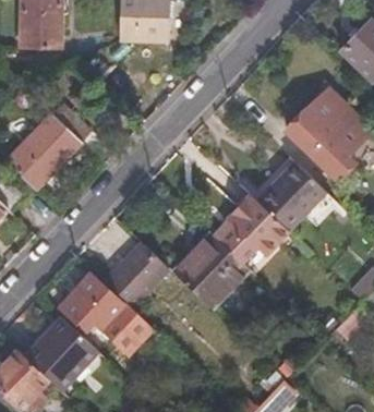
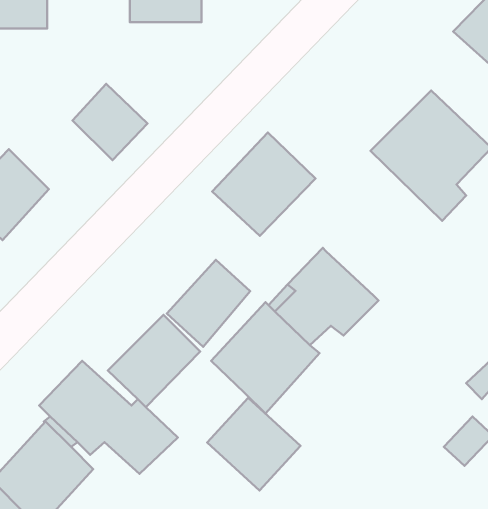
building: [38,104,89,156] -> [73,84,147,160]
building: [255,158,326,229] -> [212,132,316,236]
building: none -> [167,260,250,347]
building: none -> [207,398,301,490]

